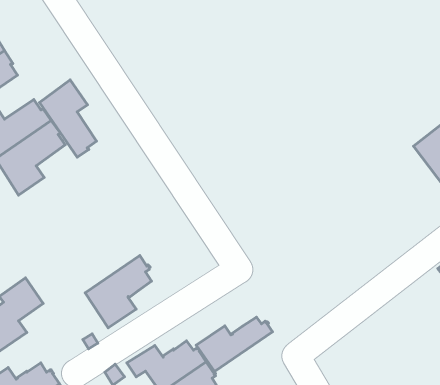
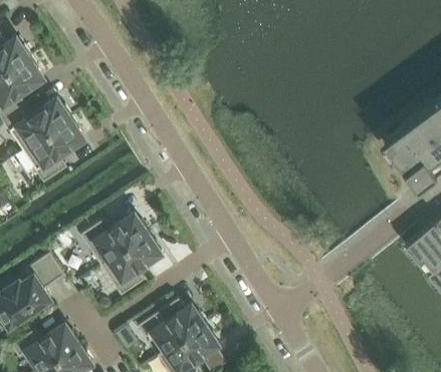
building: [39,80,96,157] -> none
building: none -> [80,216,149,266]
building: [196,317,273,371] -> none

